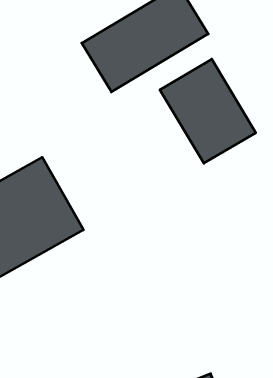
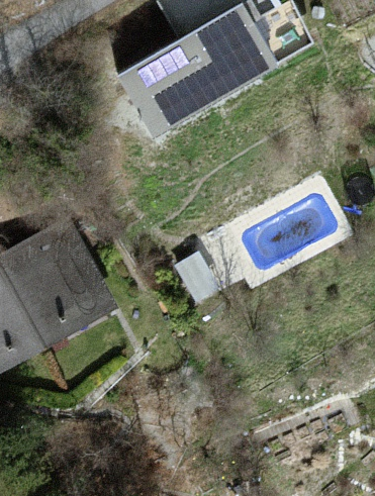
building: [160,59,256,163] -> none

